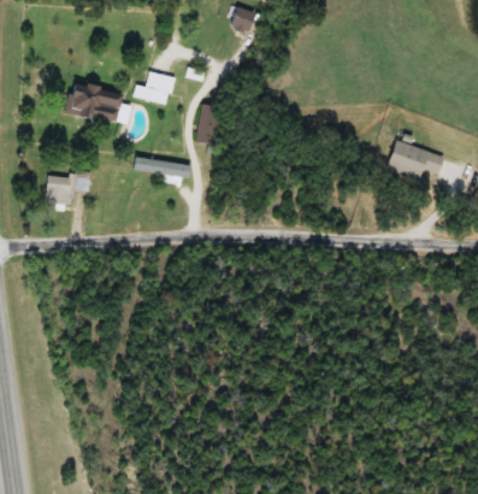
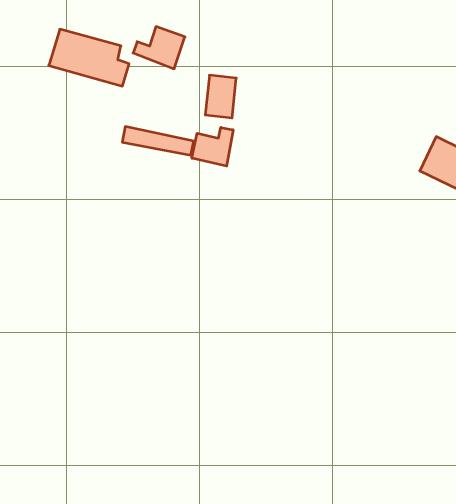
building: none -> [192,127,233,166]
building: [46,170,90,204] -> none

